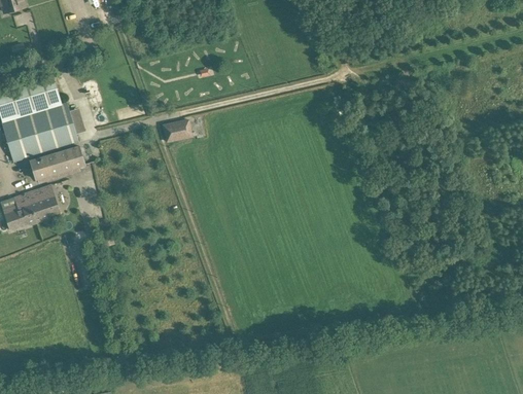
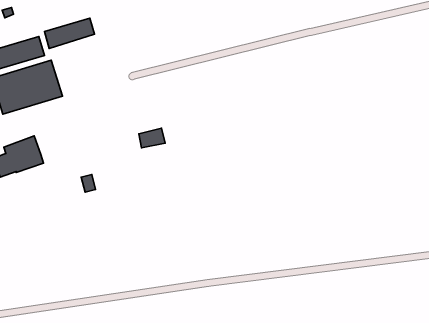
building: [163,118,191,140] -> [139,128,165,148]
building: [30,146,84,179] -> [45,18,95,48]

